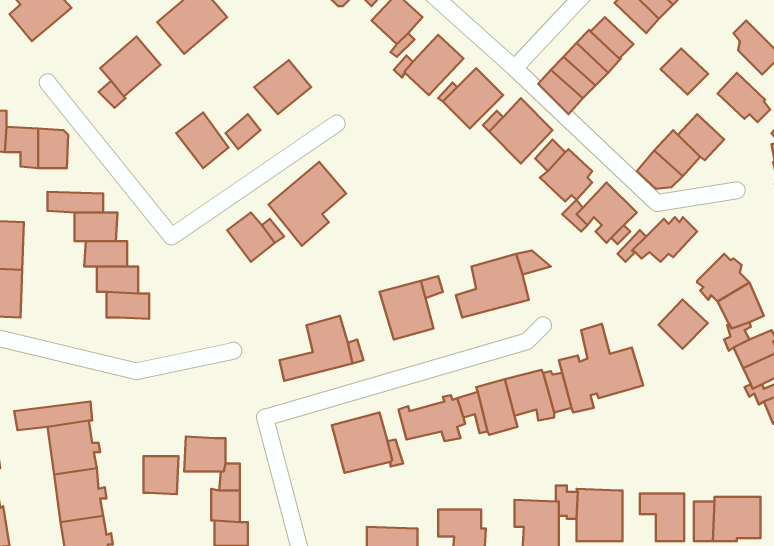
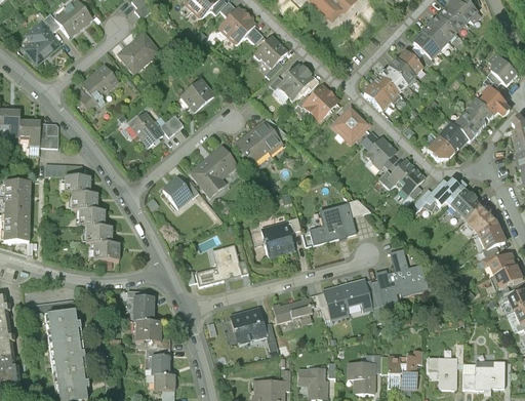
building: [660,48,708,95] -> [465,99,495,129]
building: none -> [233,119,282,167]
building: [659,299,708,349] -> [449,189,481,220]
building: none -> [91,244,118,263]
building: [144,456,179,494] -> [131,297,154,322]

